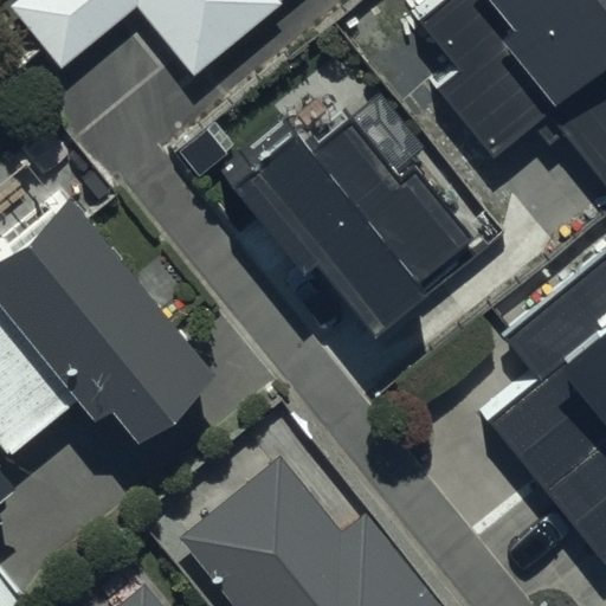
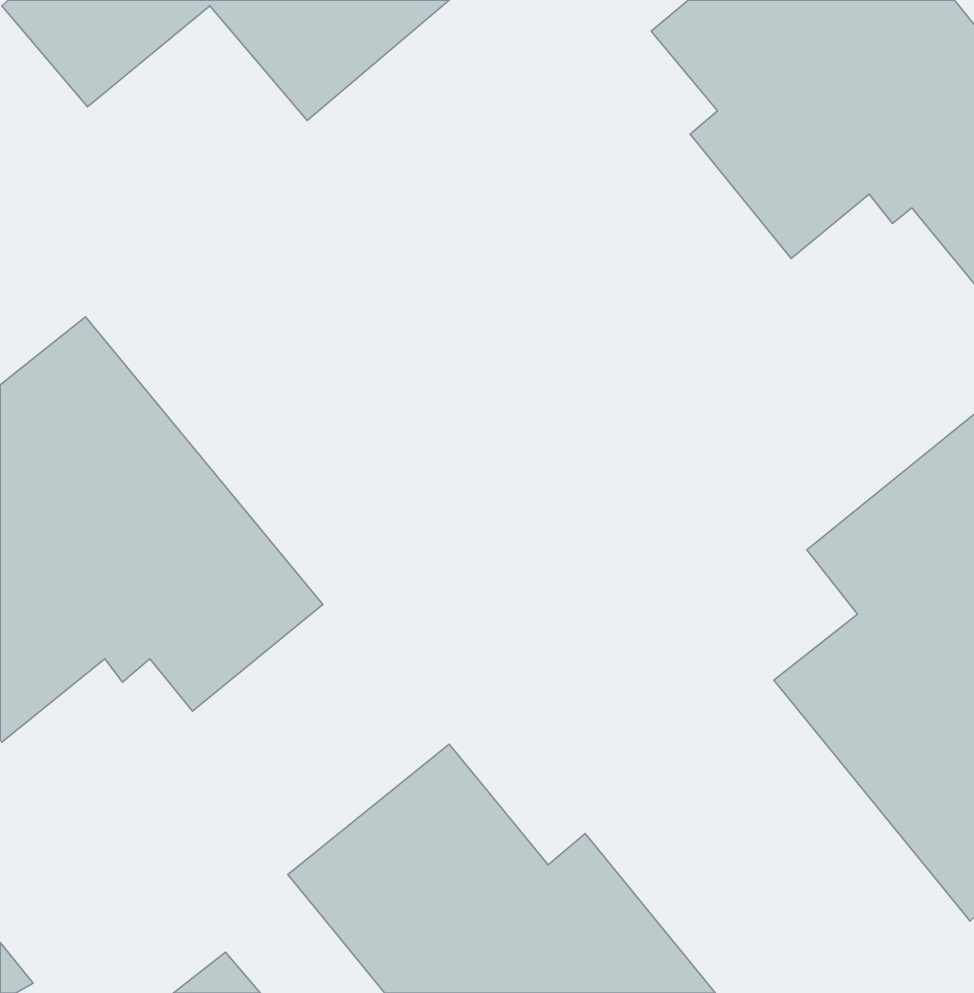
building: [220,120,475,334] -> none

